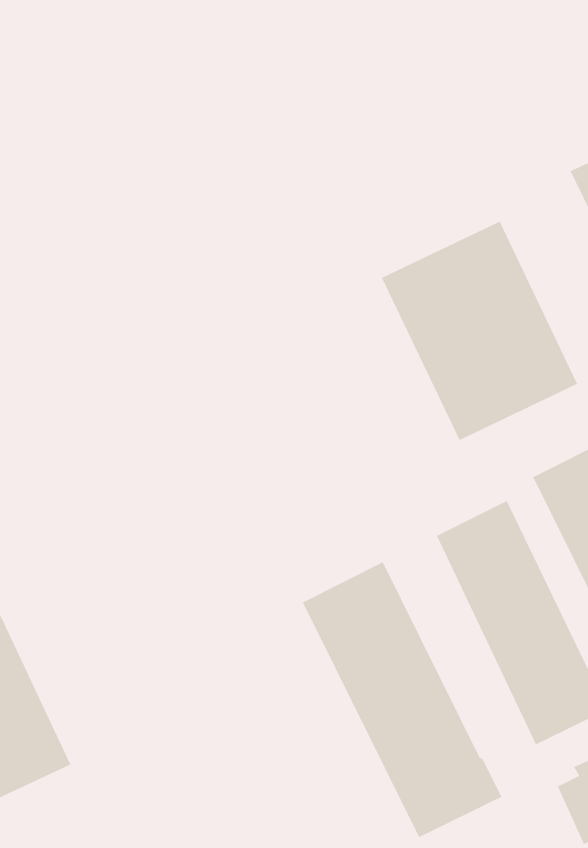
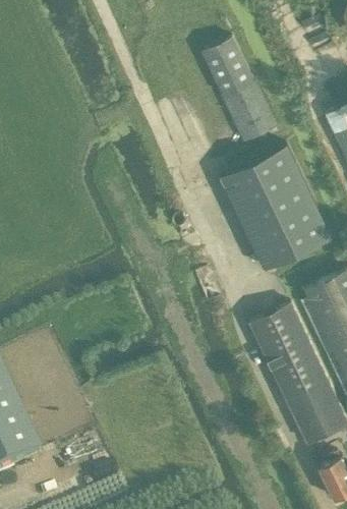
building: none -> [203,39,276,144]
building: [302,561,503,838] -> none

